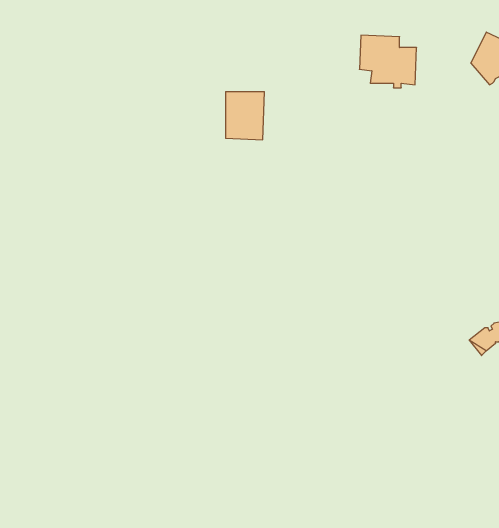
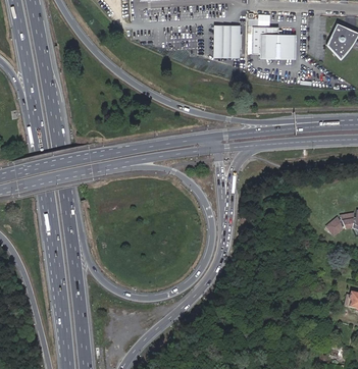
building: [226,92,264,140] -> [214,27,240,58]

